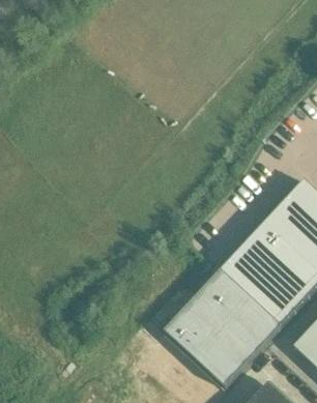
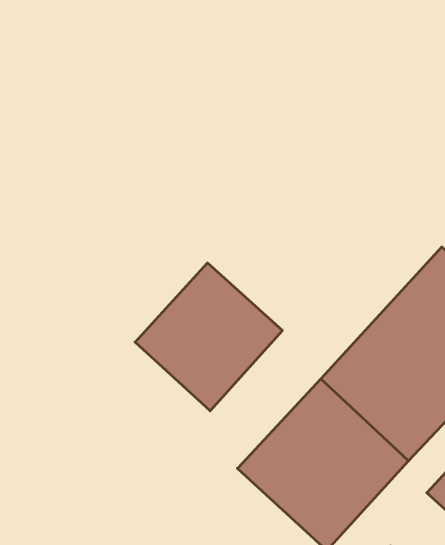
building: none -> [135,263,282,411]

